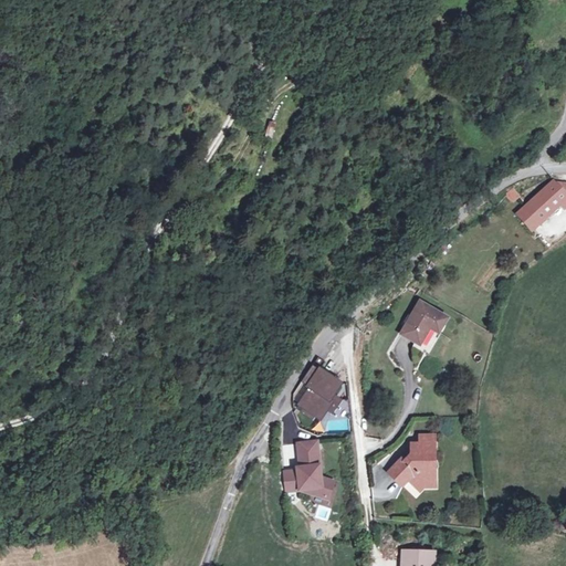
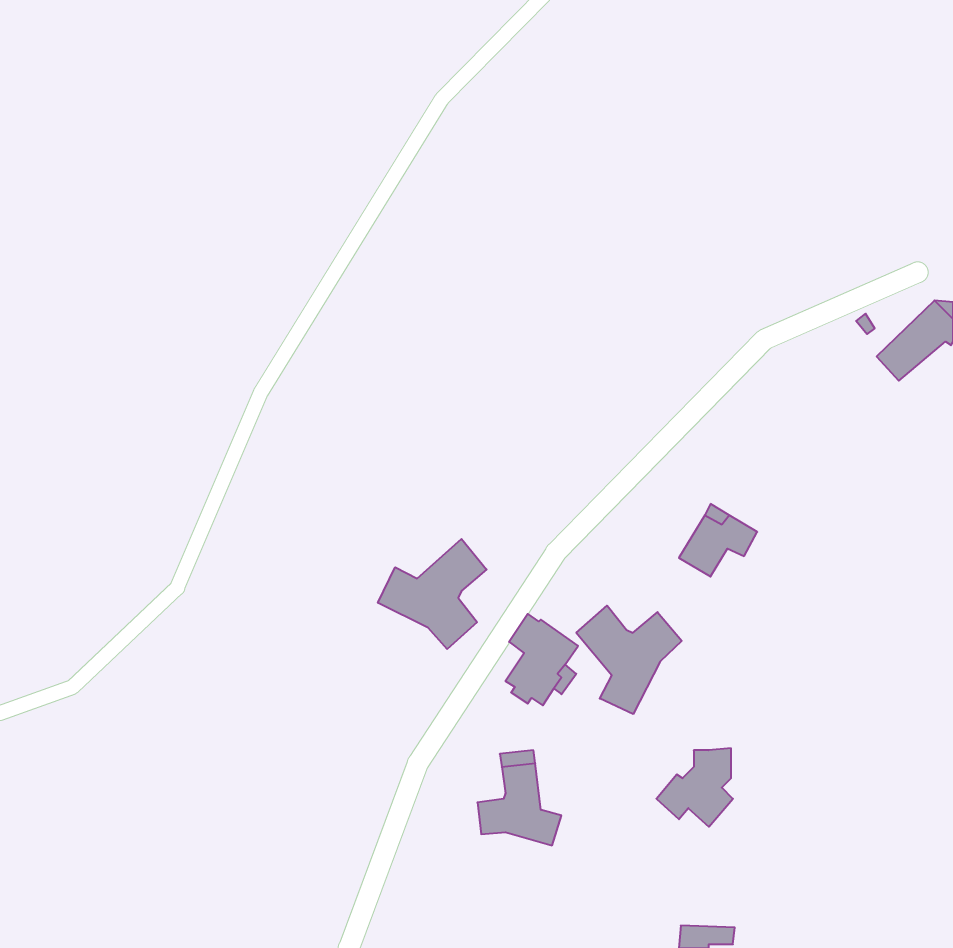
building: none -> [378,539,487,649]
building: none -> [576,606,682,714]

